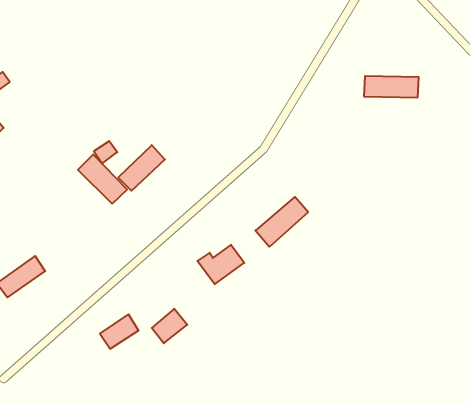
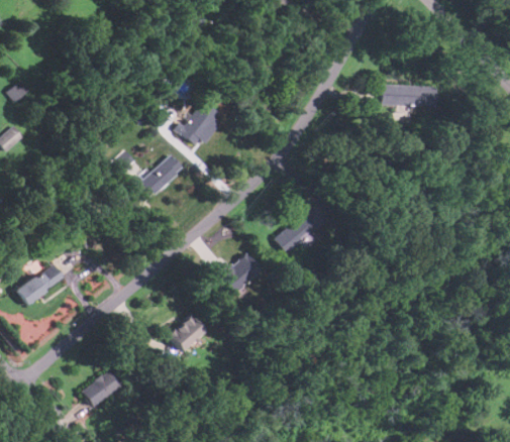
building: none -> [179,100,218,148]
building: [78,154,127,204] -> none
building: [100,314,139,349] -> [83,369,121,404]

